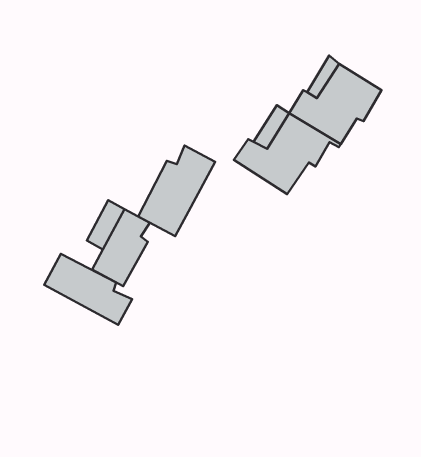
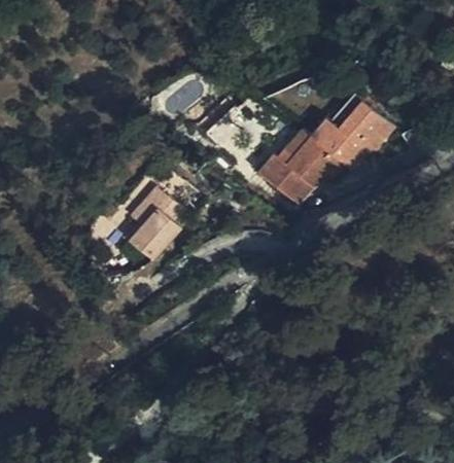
building: [138,145,215,236] -> none
building: [44,254,132,325] -> none

